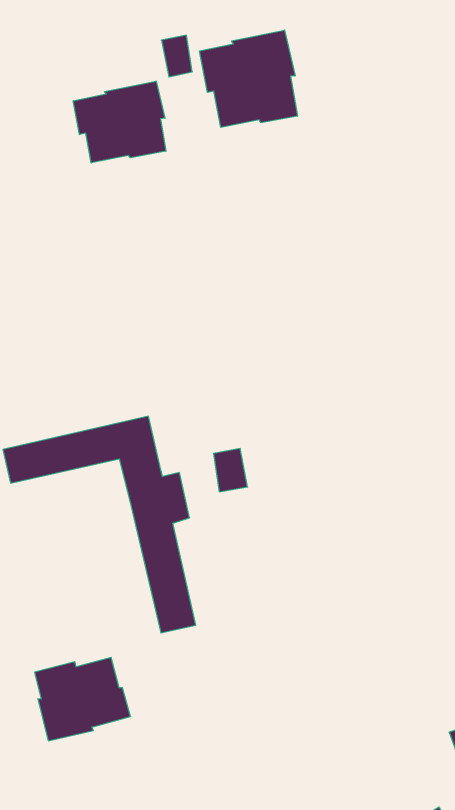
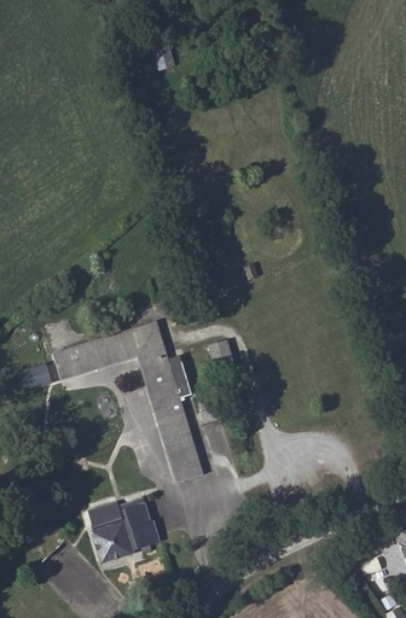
building: [200,30,297,127] -> none
building: [73,81,166,163] -> none

